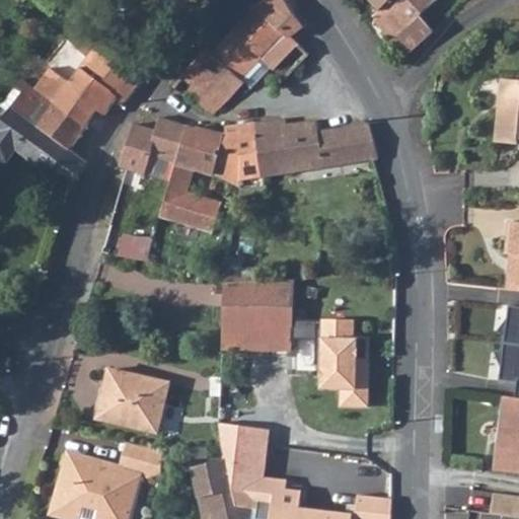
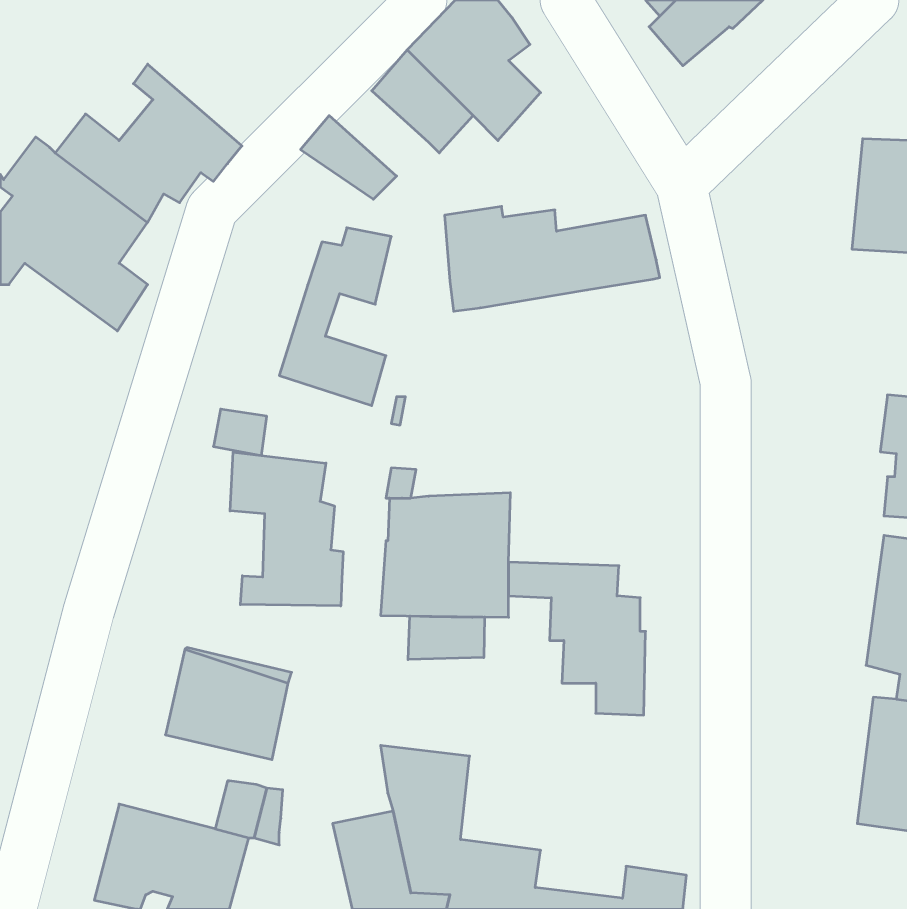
building: [390,15,432,54] -> none
building: [189,46,245,100] -> none
building: [120,117,189,175] -> none
building: [215,123,257,189] -> none
building: none -> [230,452,343,606]
building: none -> [408,616,485,660]

